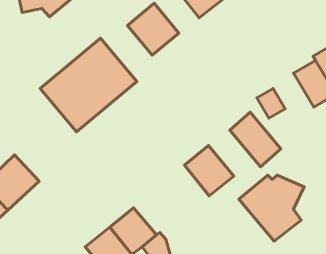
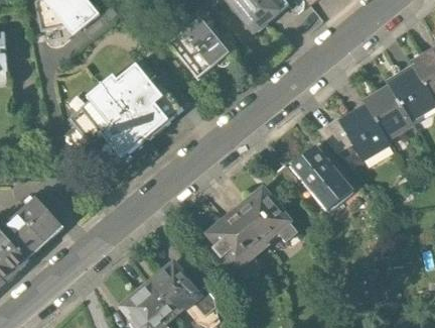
building: none -> [340,102,391,158]
building: none -> [206,208,265,267]
building: [239,175,304,241] -> none

